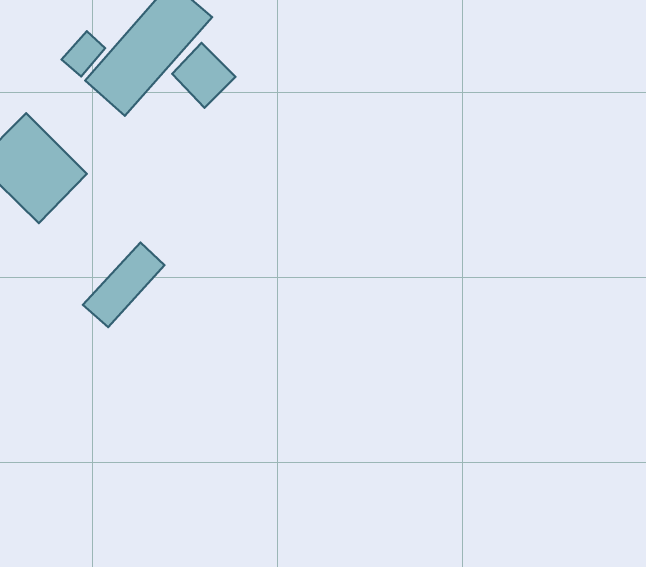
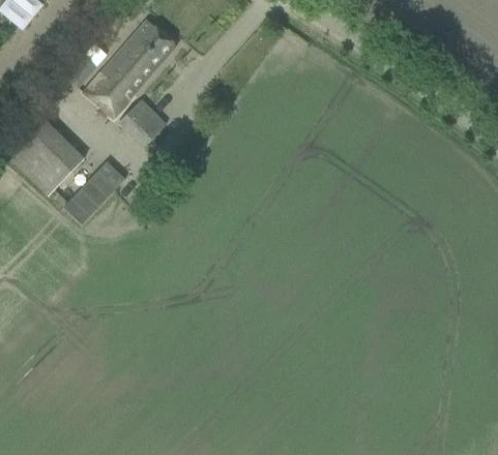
building: [172,43,235,108] -> [118,100,165,148]
building: [83,243,165,327] -> [66,162,126,224]

